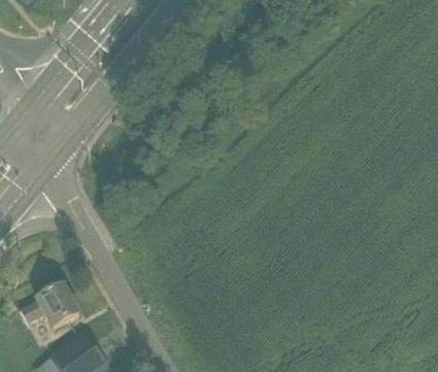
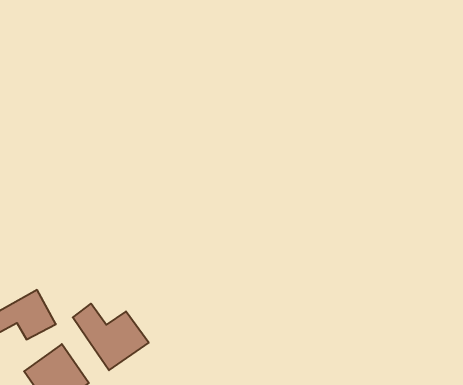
building: none -> [73,304,149,370]

